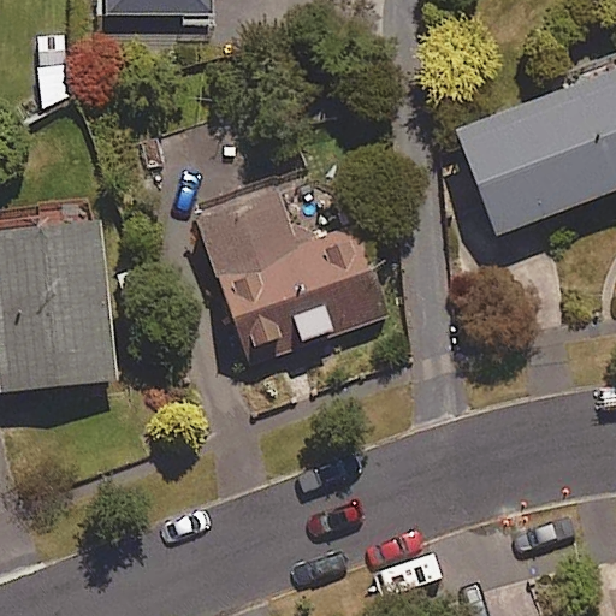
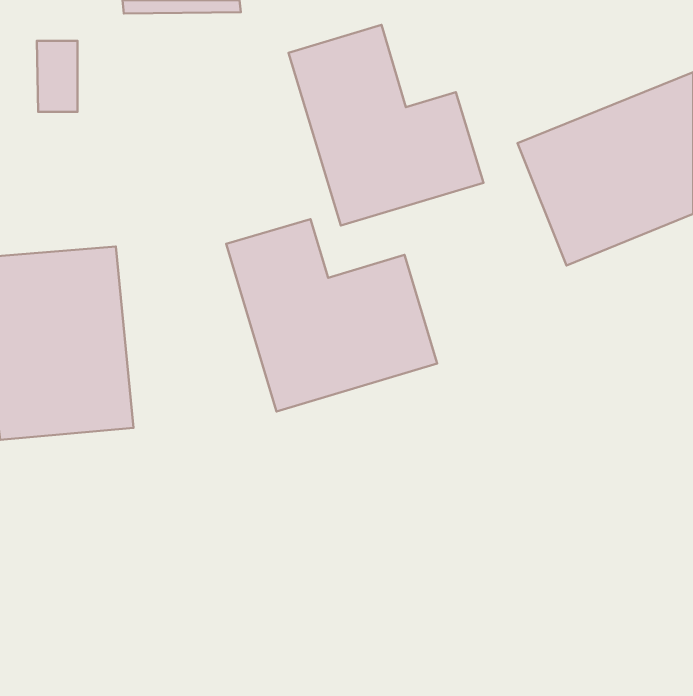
building: none -> [289,25,484,225]

